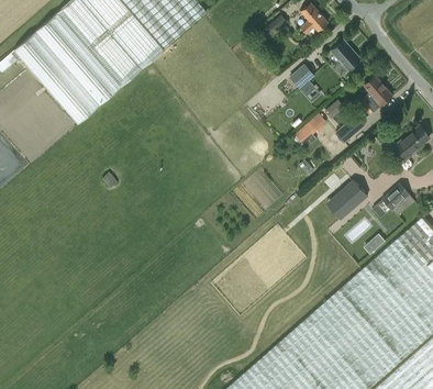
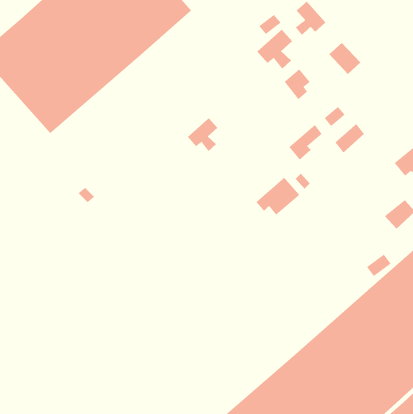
building: none -> [257,29,293,69]
building: [366,75,393,111] -> none
building: none -> [187,117,218,152]
building: [327,179,368,214] -> [255,177,300,215]

